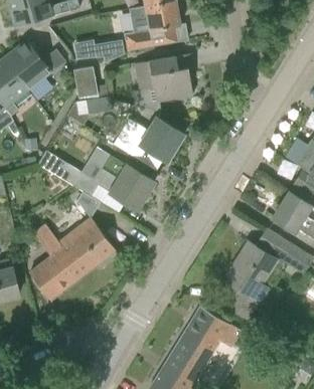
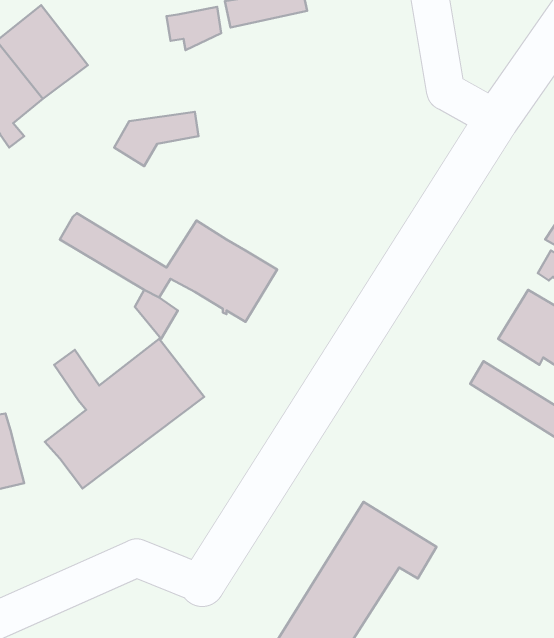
building: [134,53,193,102] -> none
building: [73,66,98,98] -> none
building: [113,118,183,161] -> none
building: [224,241,277,321] -> none

